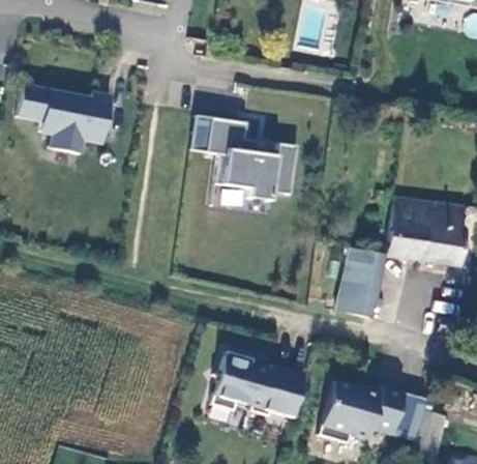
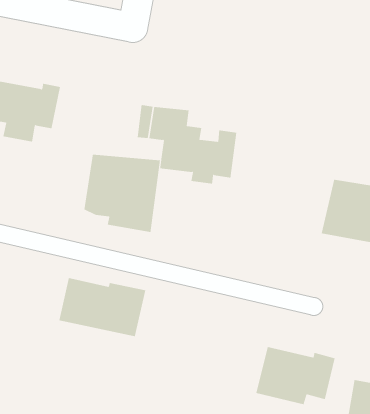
building: none -> [84,154,160,233]
building: [340,247,387,317] -> none
building: [213,354,306,417] -> [58,278,146,337]

